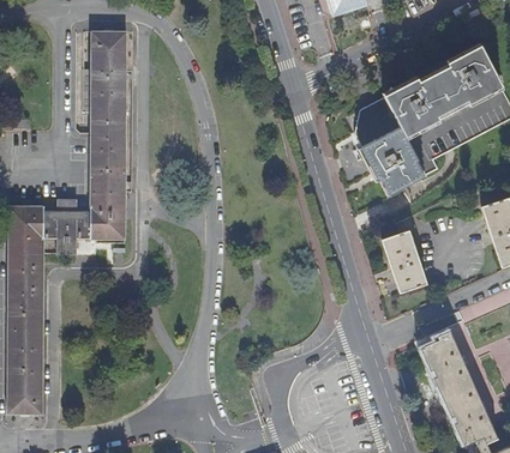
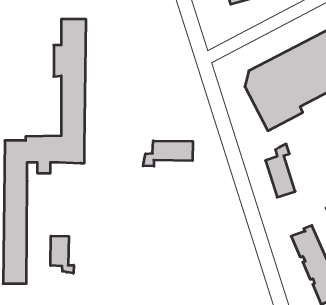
building: none -> [143,141,193,166]
building: none -> [51,236,74,273]

